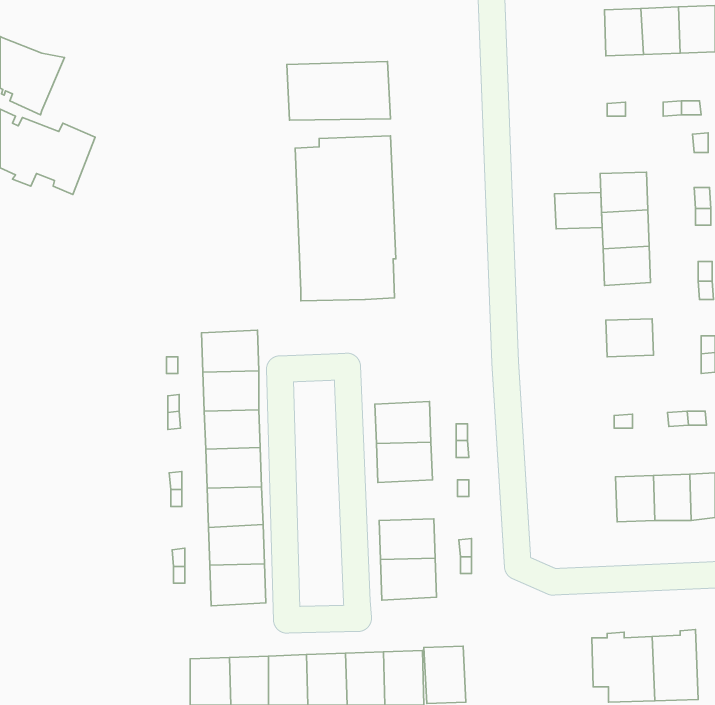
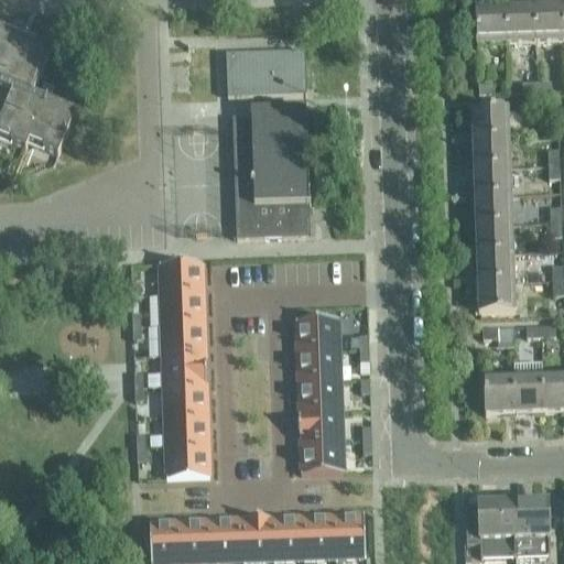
building: [555,192,602,229] -> [471,108,509,137]
building: none -> [476,223,513,252]
building: none -> [478,280,516,310]
building: none -> [297,378,341,410]

